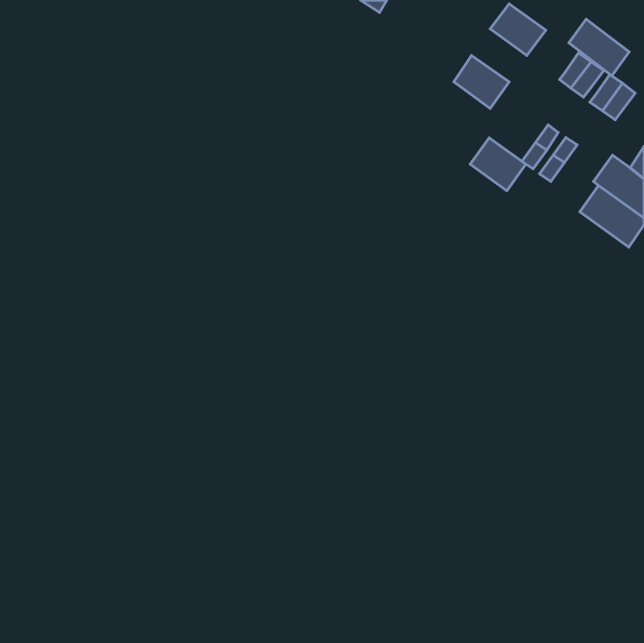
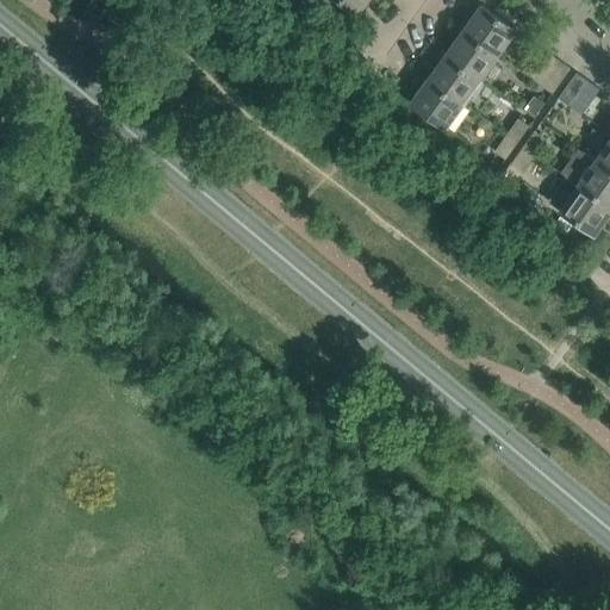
building: [569,19,629,76] -> none
building: none -> [446,29,498,79]
building: [470,138,526,191] -> [411,79,463,129]

